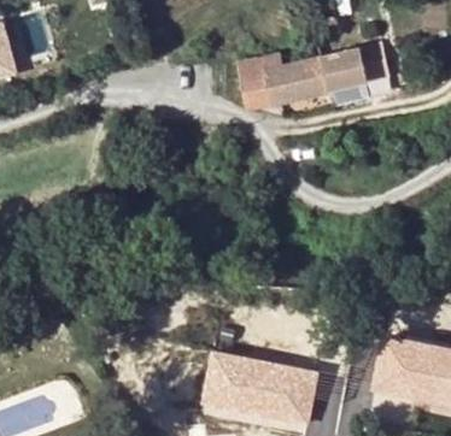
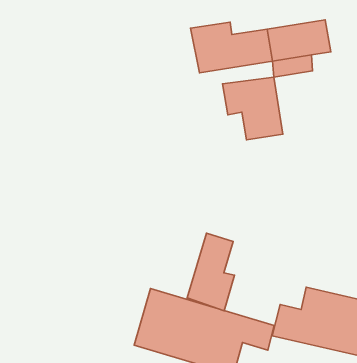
building: none -> [223,77,283,140]
building: none -> [187,233,234,311]

